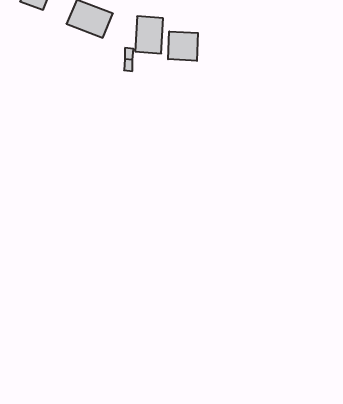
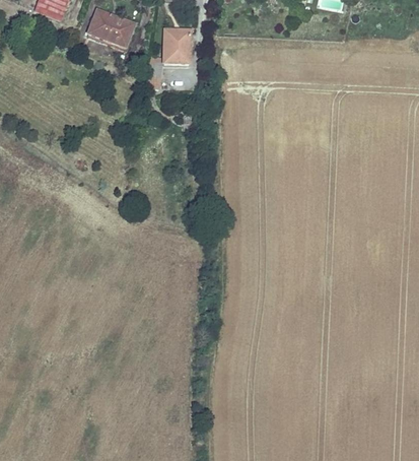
building: [168,31,198,61] -> none

